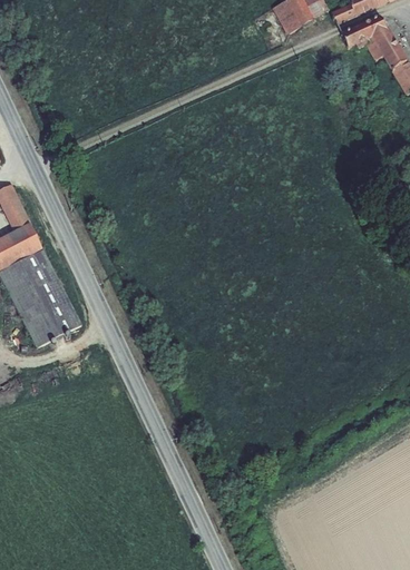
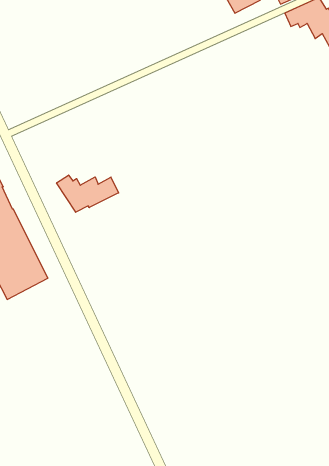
building: none -> [57,175,119,212]

